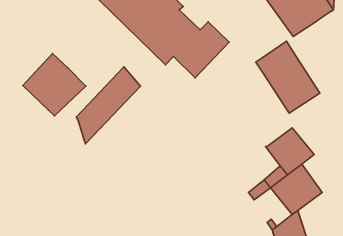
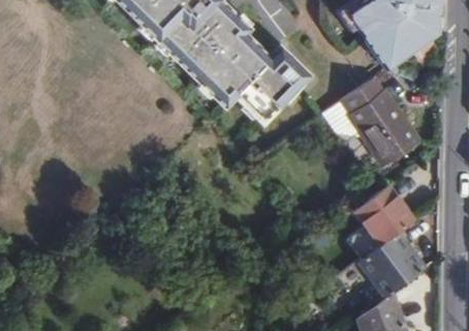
building: [23,54,86,116] -> none
building: [77,67,141,144] -> none

